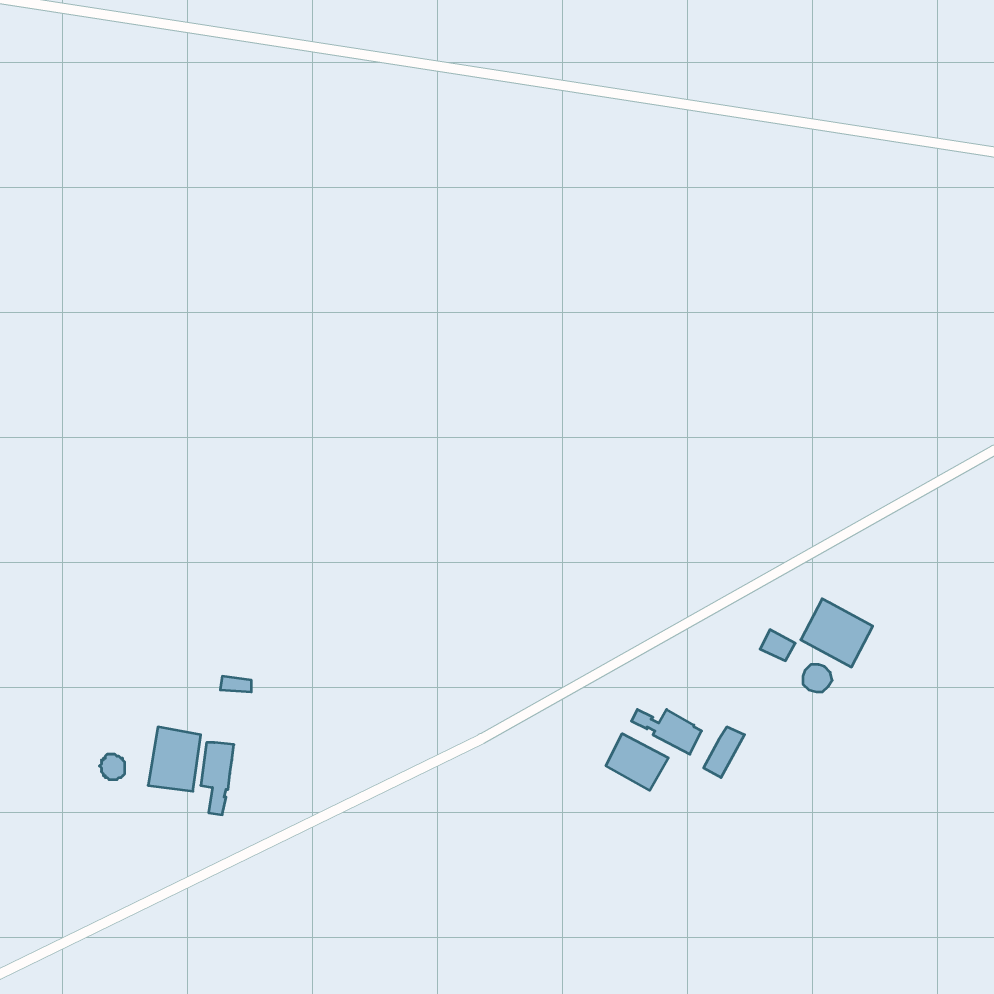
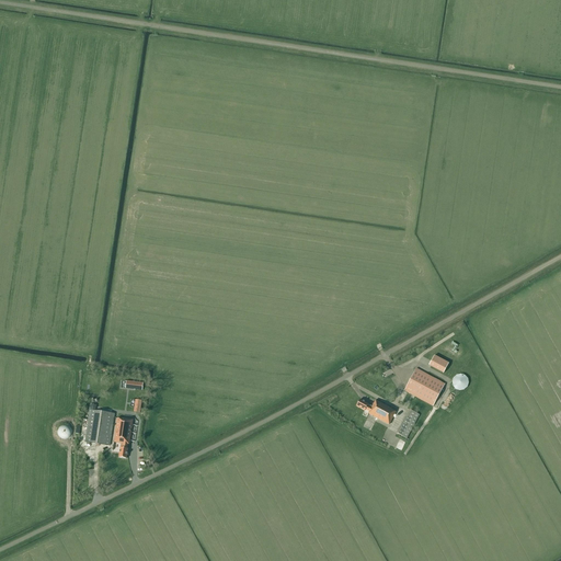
building: [801,599,873,667] -> [403,367,444,405]
building: [606,734,668,790] -> none

